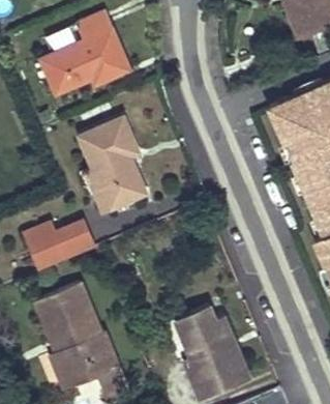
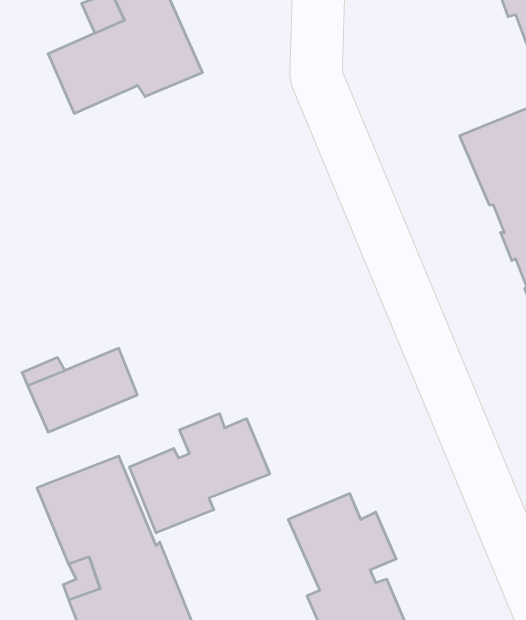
building: [78,118,147,212] -> none
building: none -> [129,414,270,533]

